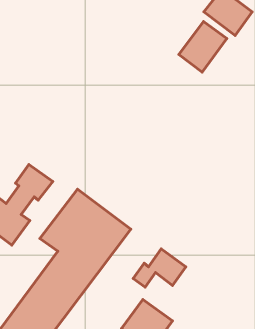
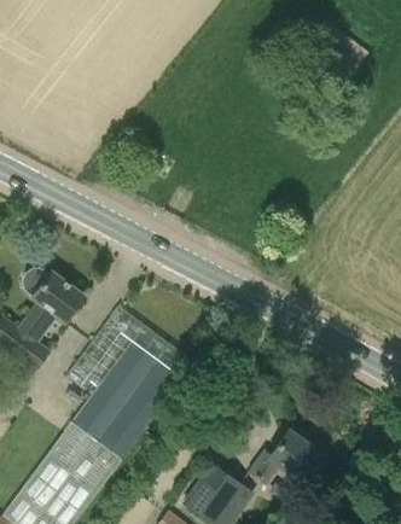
building: [179,22,227,72] -> none
building: [133,249,186,287] -> [248,430,322,484]

